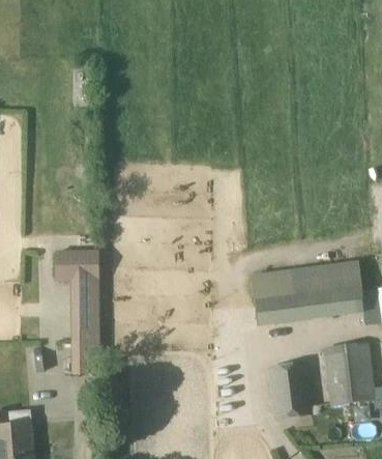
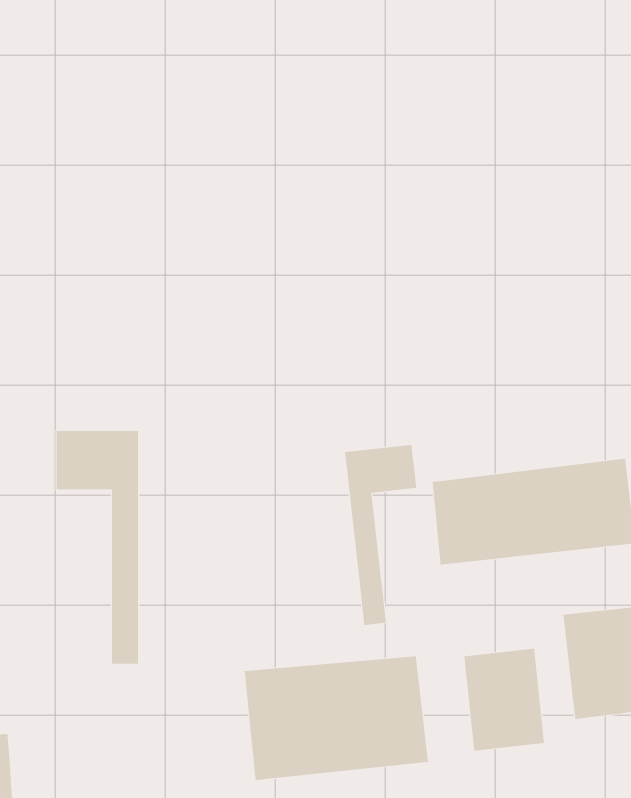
building: none -> [345,444,417,626]
building: none -> [244,656,429,781]

